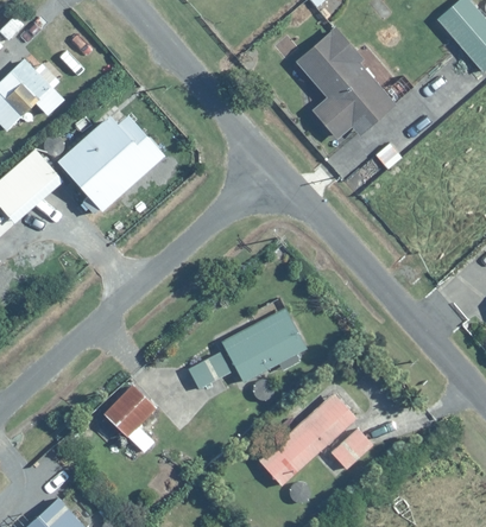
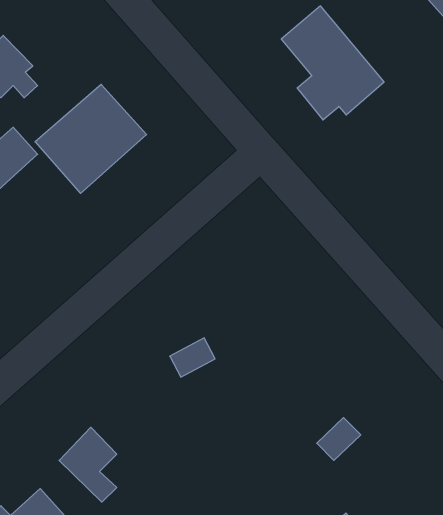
building: [221,307,307,383] -> none
building: [101,382,157,455] -> [59,427,117,502]
building: [257,394,358,488] -> none

